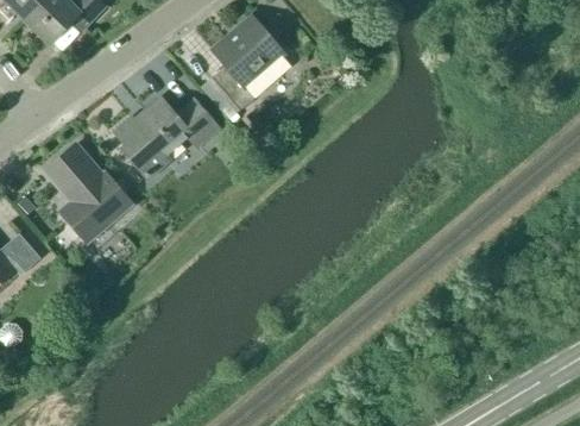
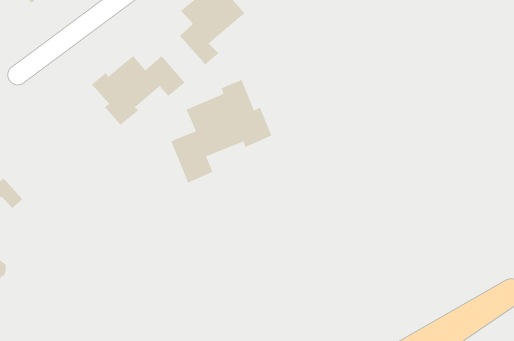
building: none -> [171,79,272,183]
building: [43,142,131,242] -> none

